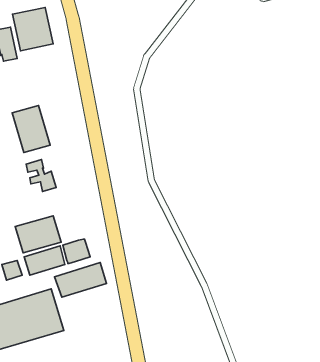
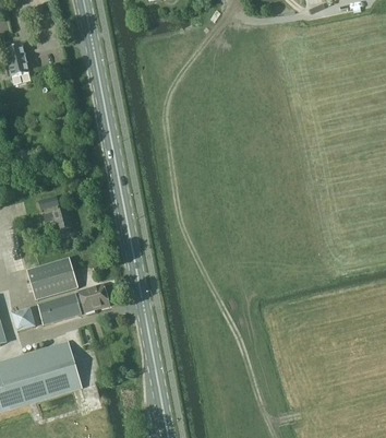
building: [12,7,53,51] -> none
building: [12,106,50,152] -> none
building: [55,263,106,297] -> none

